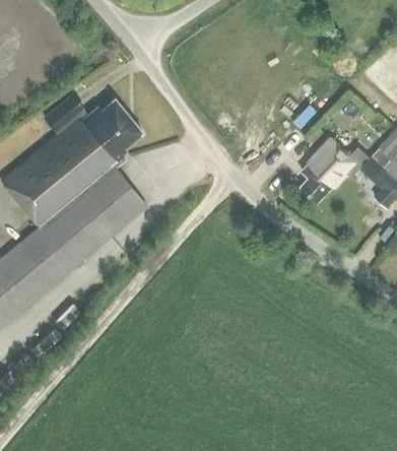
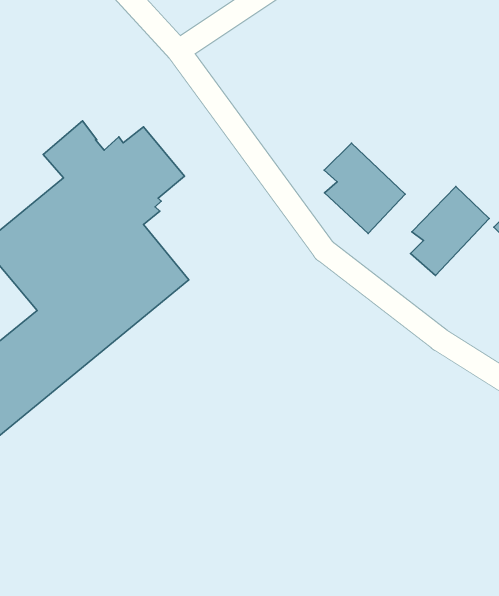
building: none -> [324,143,405,233]

